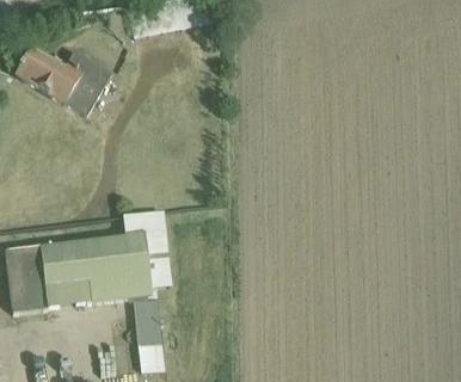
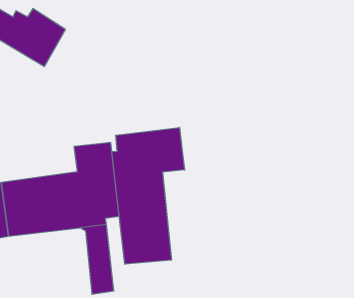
building: none -> [112,127,185,264]

